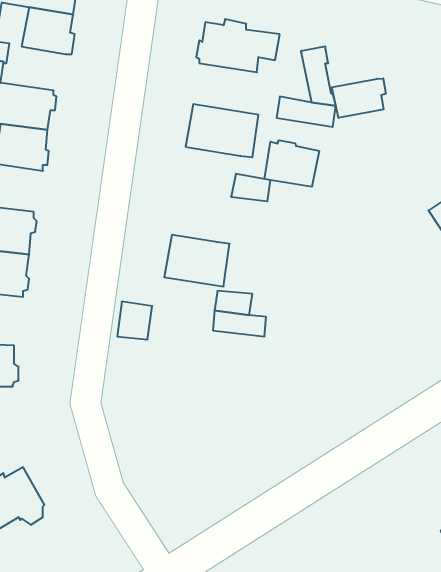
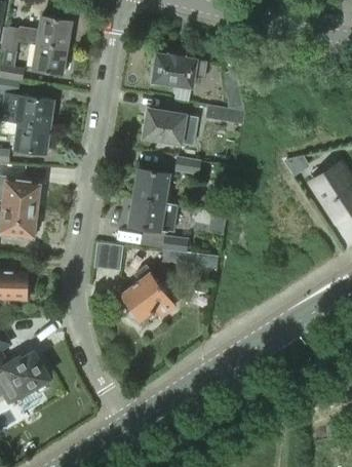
building: [332,78,386,118] -> none
building: [265,140,319,187] -> none
building: none -> [133,168,168,202]
building: none -> [121,271,179,320]

